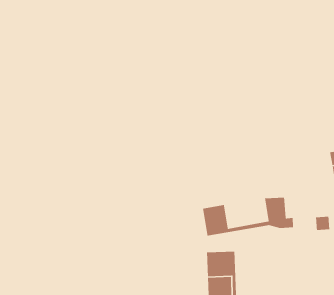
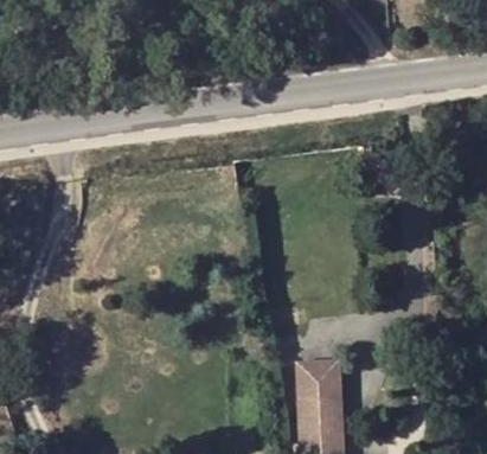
building: [202,197,294,236] -> none

